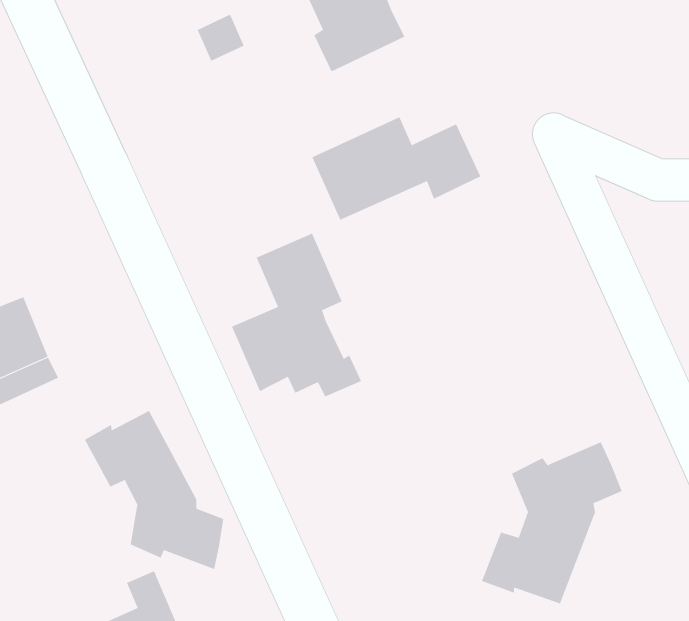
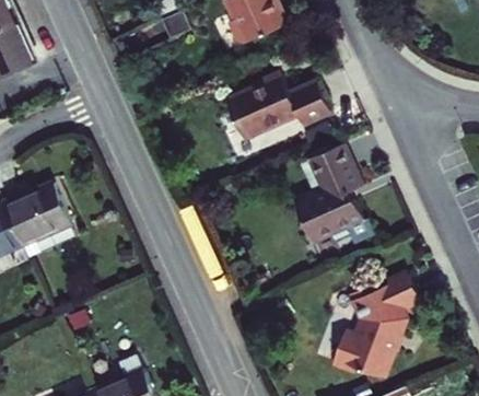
building: [231,233,362,397] -> [295,142,376,244]
building: [84,410,224,570] -> none

